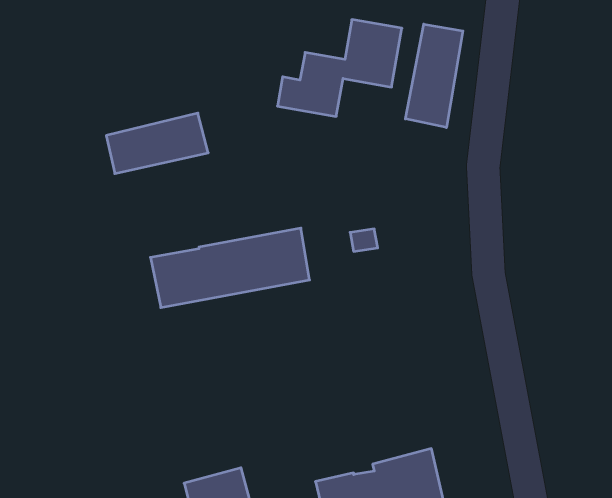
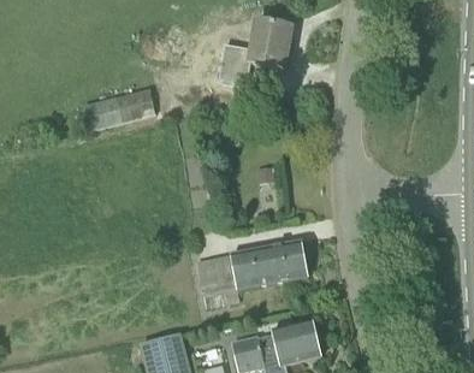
building: [405,24,463,128] -> none
building: [150,228,310,308] -> [197,241,308,296]

